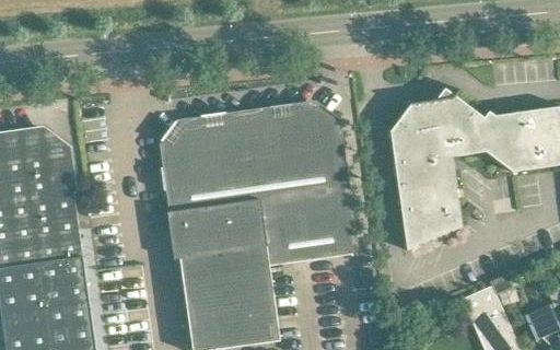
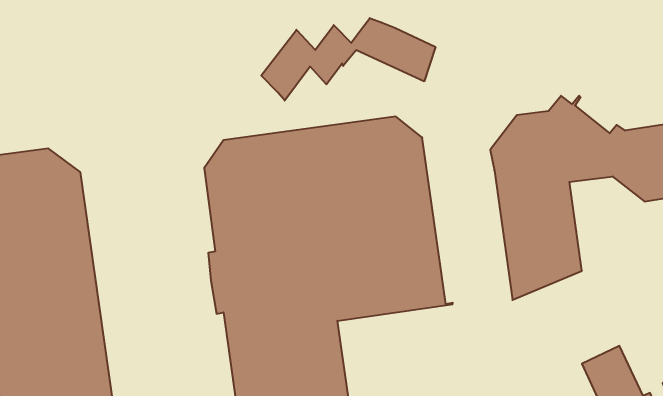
building: none -> [261,18,435,101]

